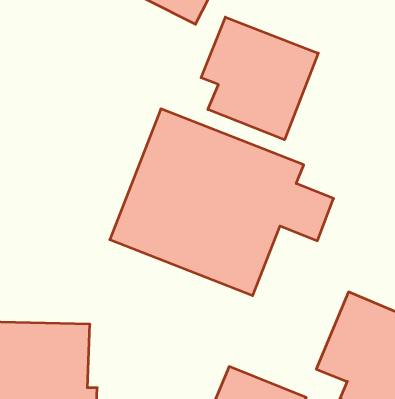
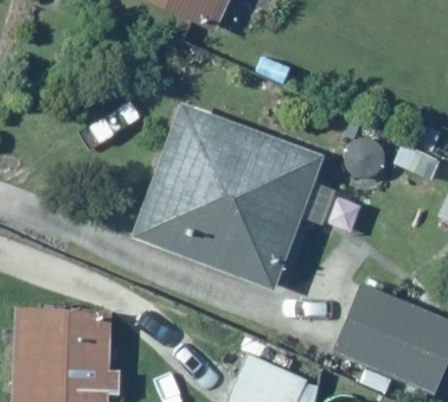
building: [201,17,318,140] -> none

